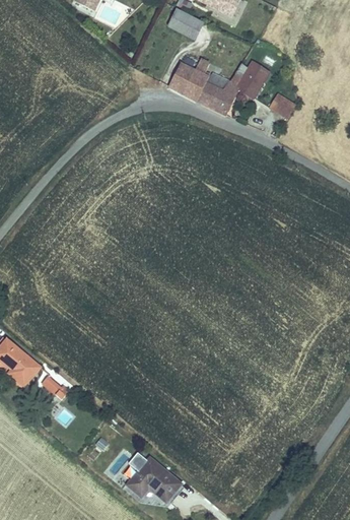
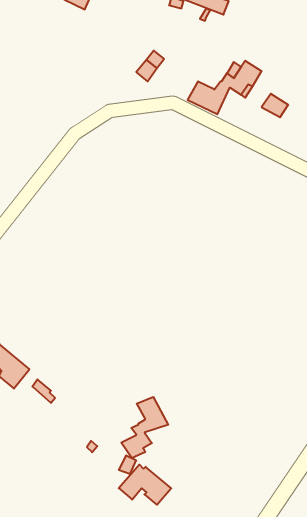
building: [167,8,202,38] -> none
building: [168,59,228,100] -> none
building: none -> [121,397,168,458]

